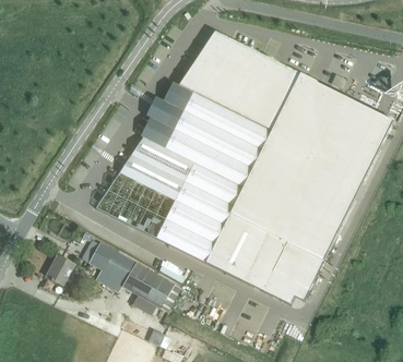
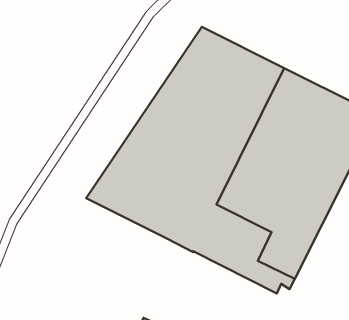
building: [82,239,180,313] -> none
building: [46,254,74,283] -> none

